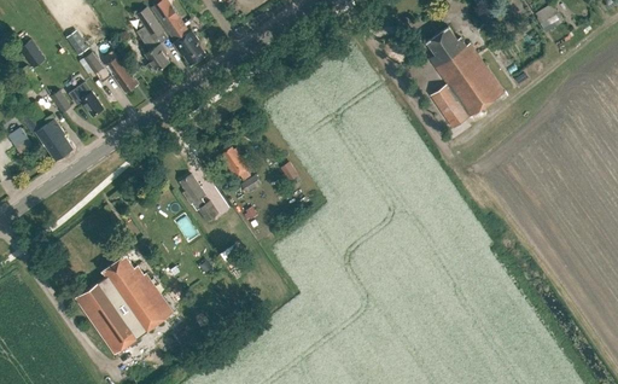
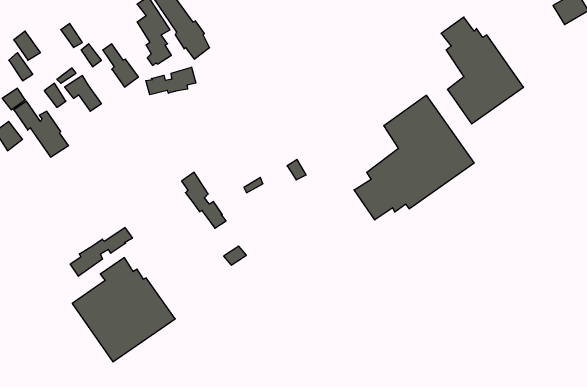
building: none -> [146,67,196,95]
building: none -> [354,95,474,220]
building: [221,146,251,180] -> none
building: none -> [70,227,132,276]

